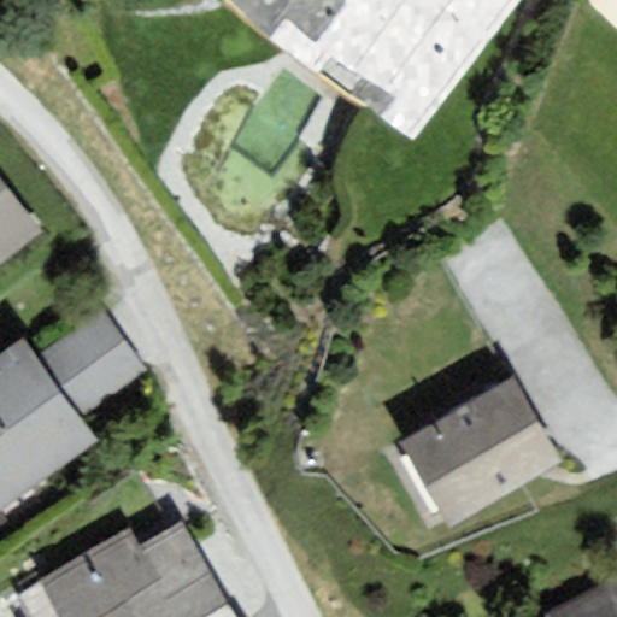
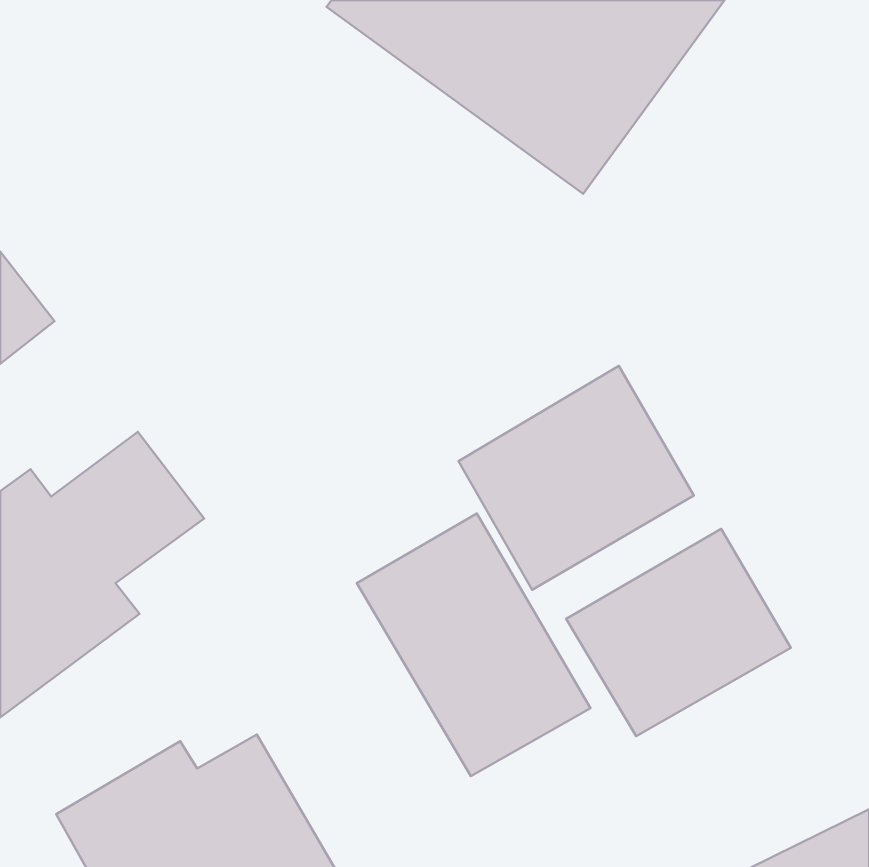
building: none -> [459,366,694,590]
building: none -> [357,514,590,776]

